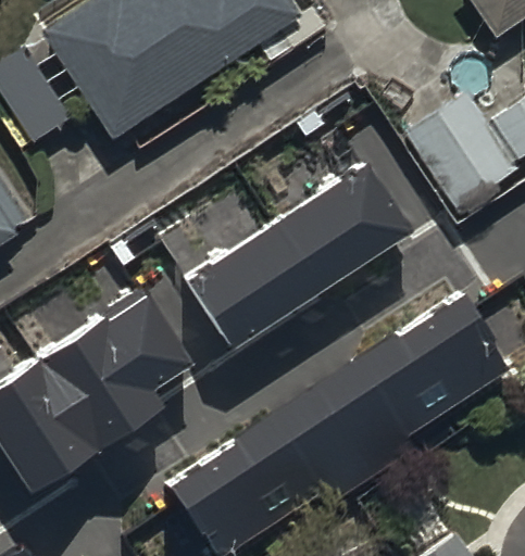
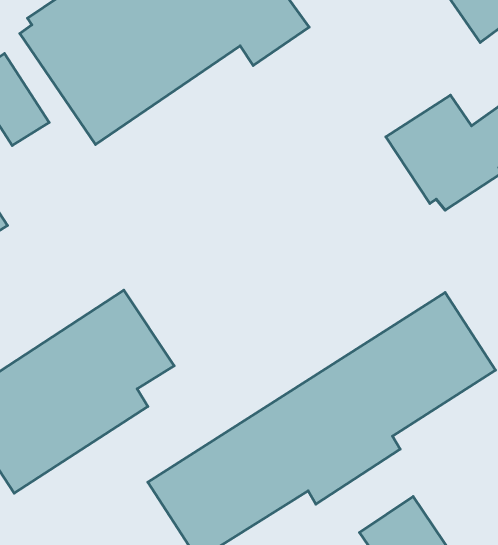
building: [186,157,413,344] -> none

